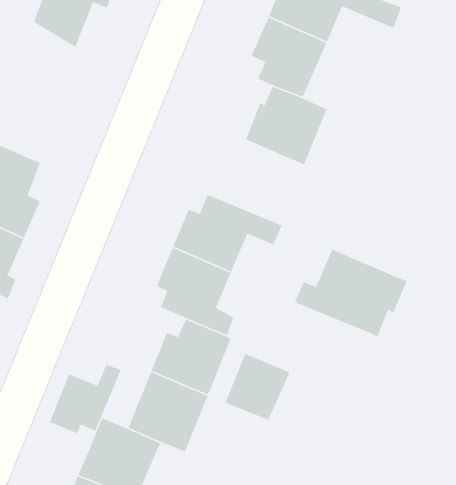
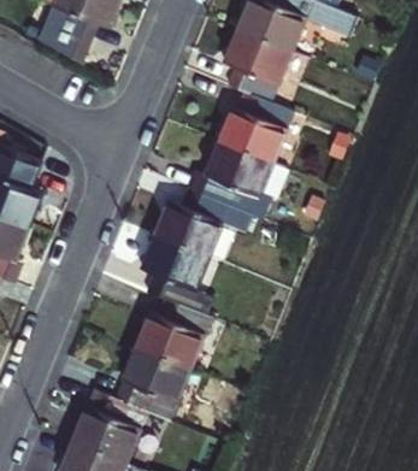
building: [294,248,408,338] -> [188,140,289,219]
building: [224,353,291,421] -> none
building: [49,364,122,434] -> none

